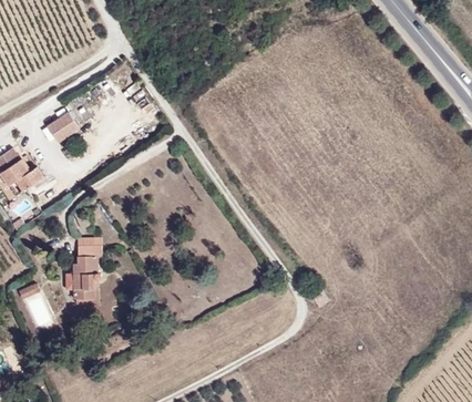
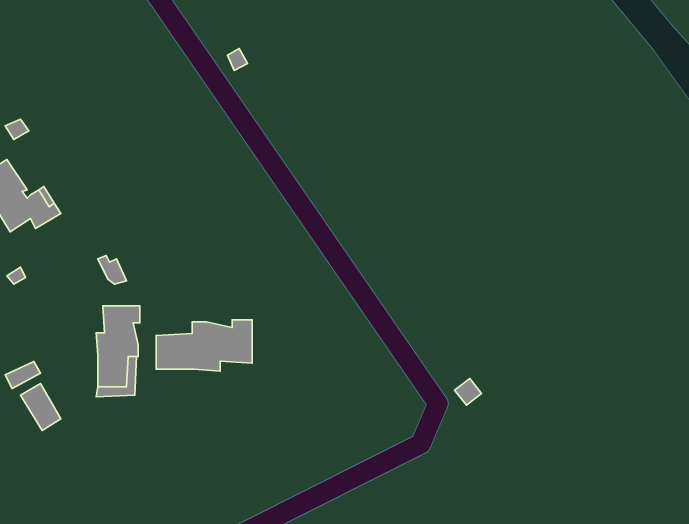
building: [49,110,81,140] -> none
building: none -> [156,320,252,371]

